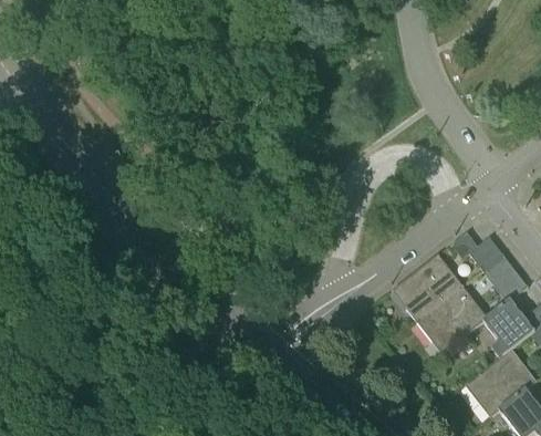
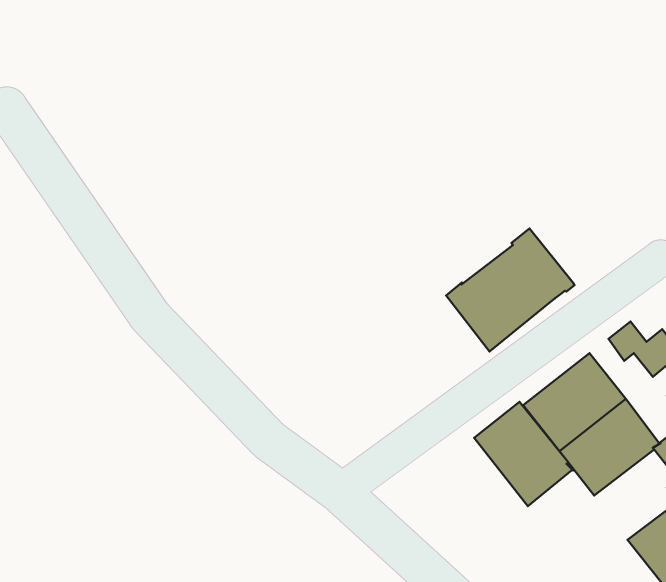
building: none -> [446,229,574,351]
building: none -> [474,402,573,506]

